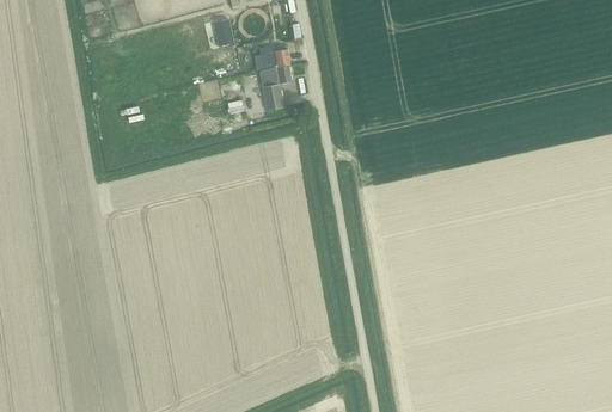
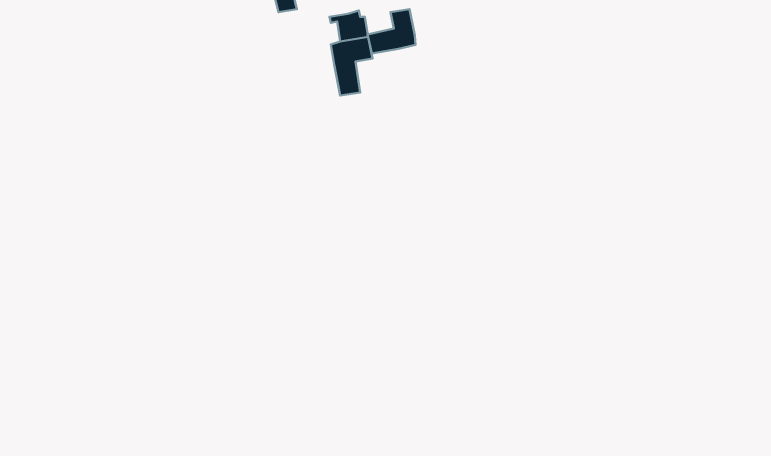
building: none -> [368,9,416,53]

